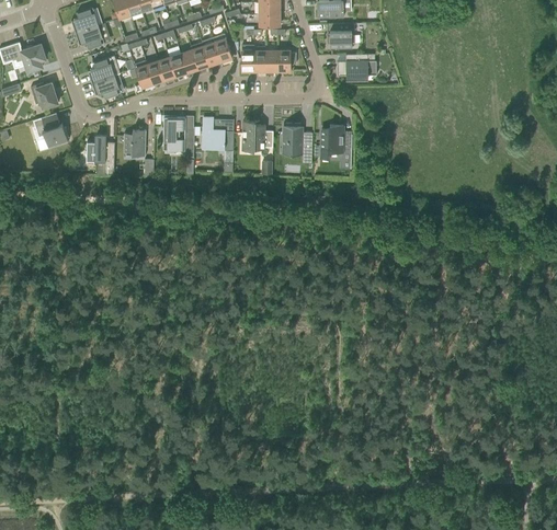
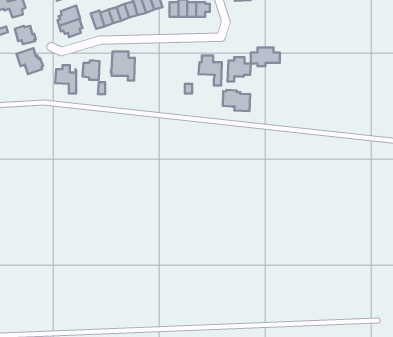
building: [337,55,376,80] -> [251,47,280,66]
building: [202,119,234,173] -> none
building: [241,122,273,151] -> none
building: none -> [223,90,250,111]

